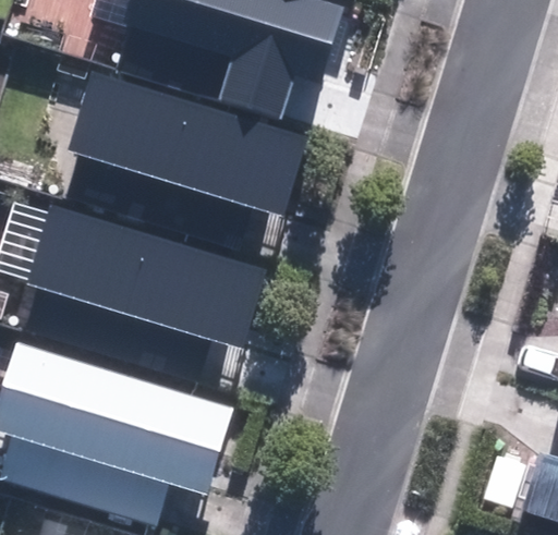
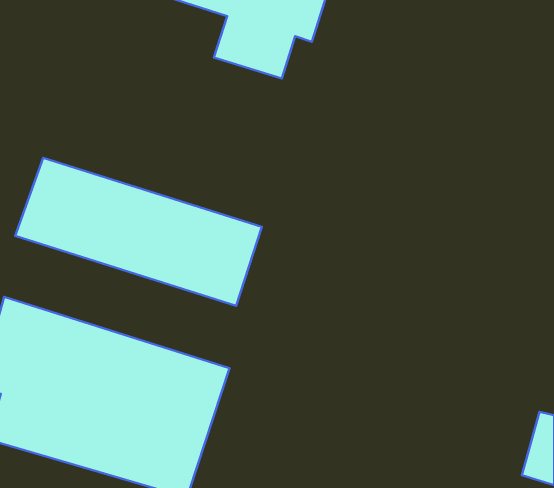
building: [66,72,304,212] -> none

